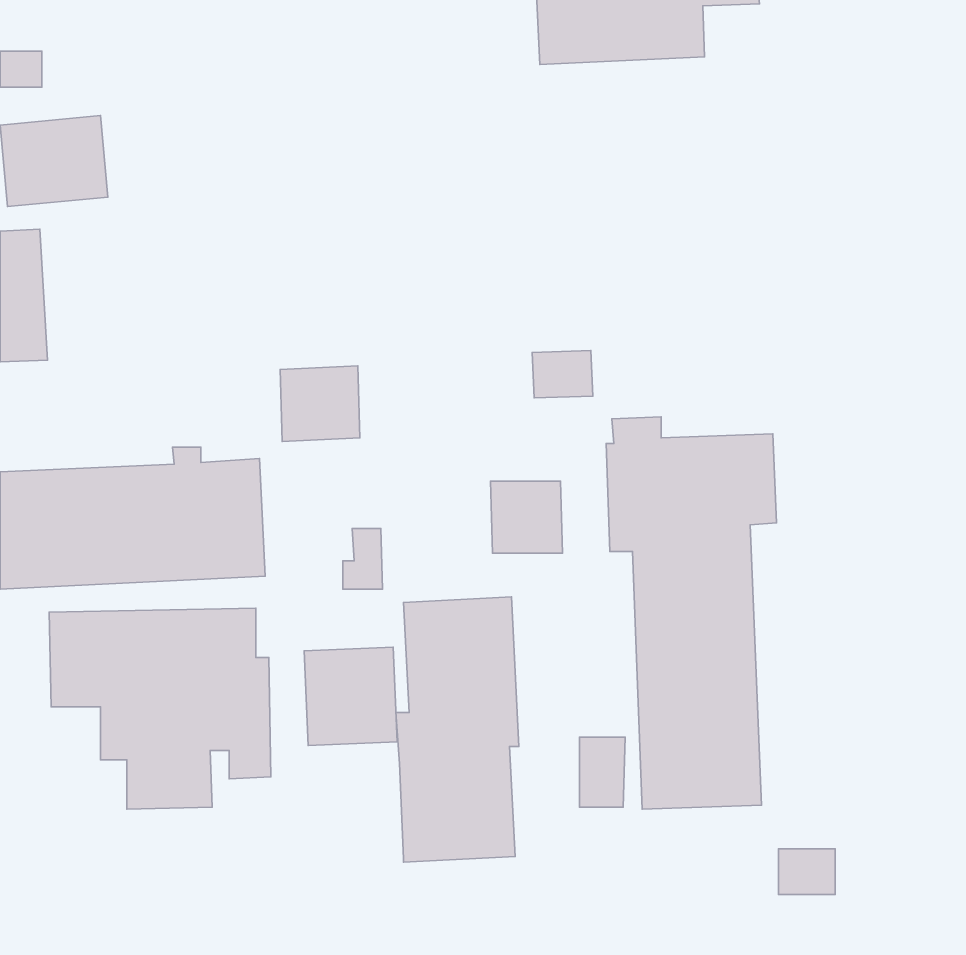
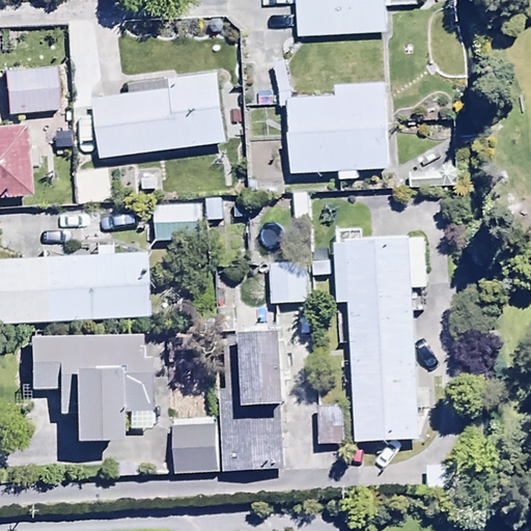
building: none -> [92,72,225,159]
building: none -> [285,81,392,178]
building: [304,647,397,746] -> [171,418,222,472]

